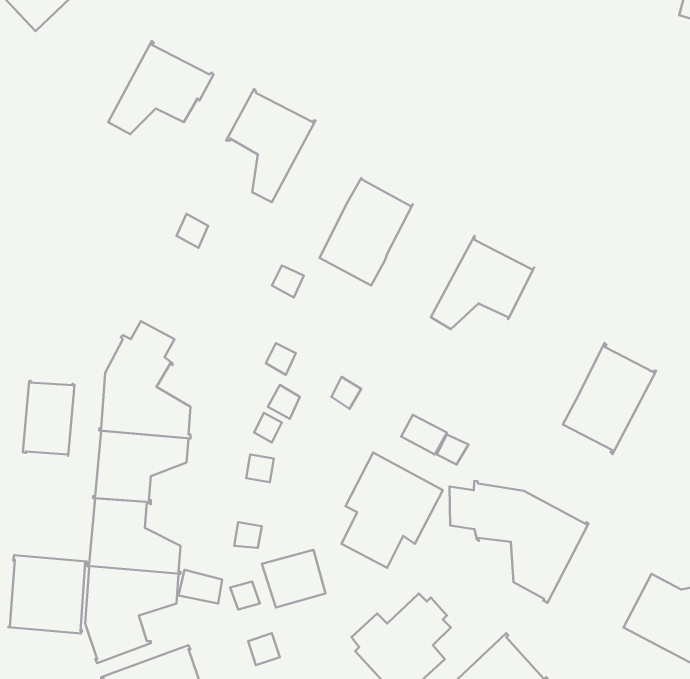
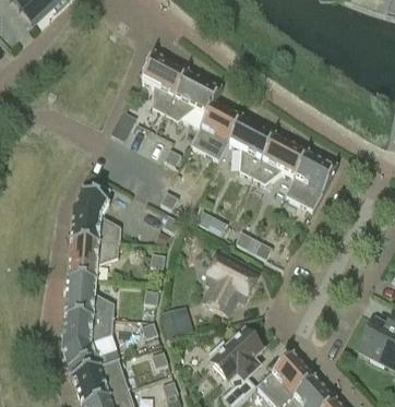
building: [108,41,213,134] -> [164,70,222,121]
building: none -> [227,116,275,178]
building: [563,343,656,454] -> [285,151,336,212]
building: [23,381,74,456] -> none
building: [449,481,589,603] -> none
building: [8,555,87,633] -> none

